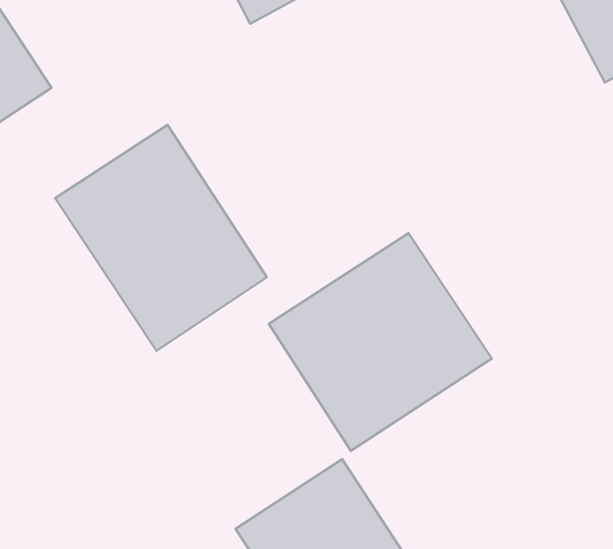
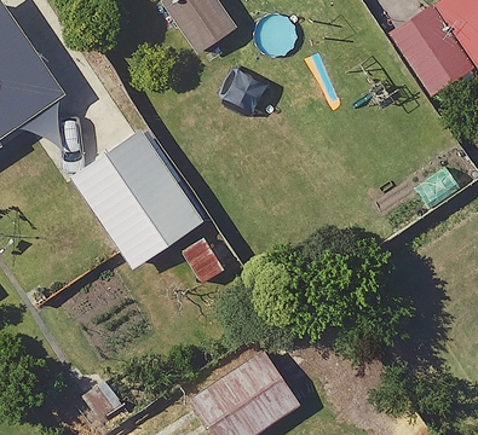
building: [269,233,492,451] -> none

